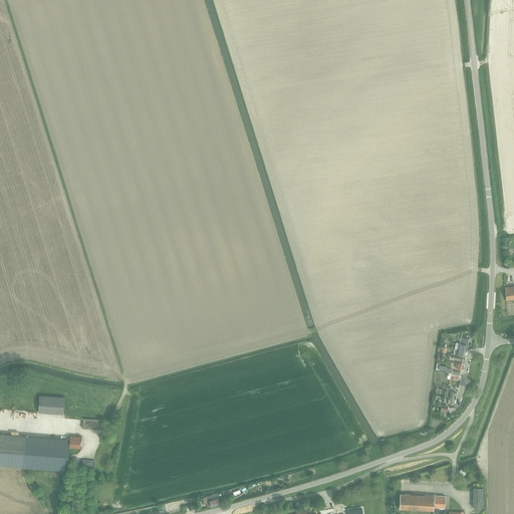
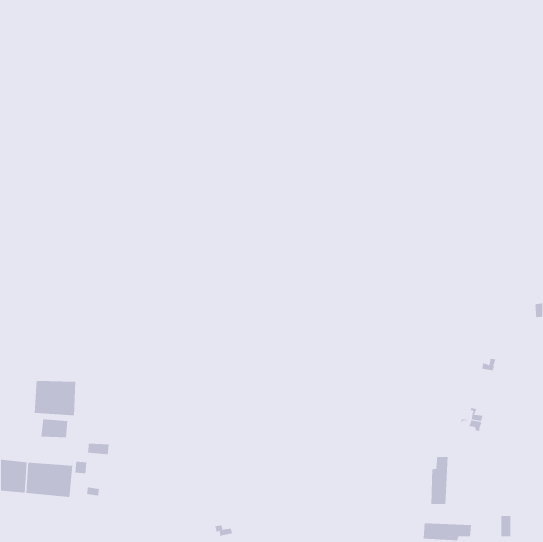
building: none -> [34,380,76,416]
building: none -> [431,456,448,505]

